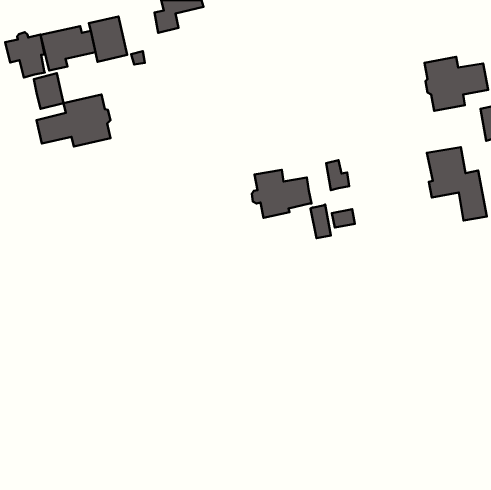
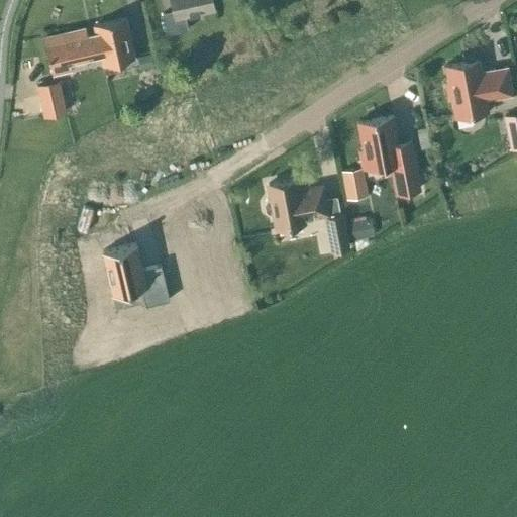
building: [5,32,45,78] -> none
building: [36,95,111,146] -> none
building: [427,147,487,220] -> [358,118,421,195]
building: none -> [104,245,170,308]

